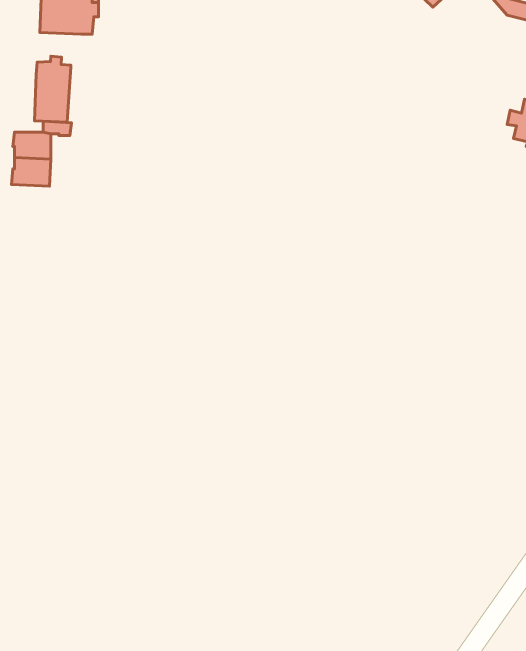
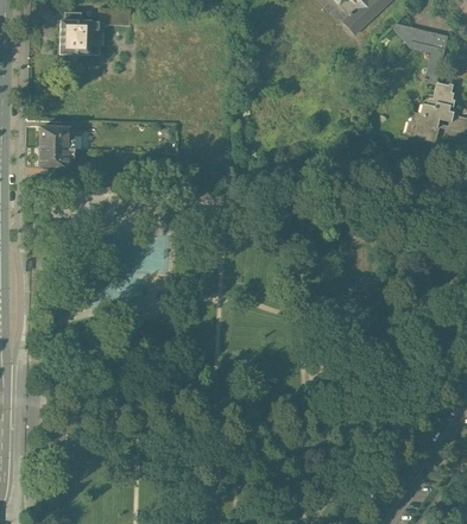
building: [35,56,71,122] -> none

